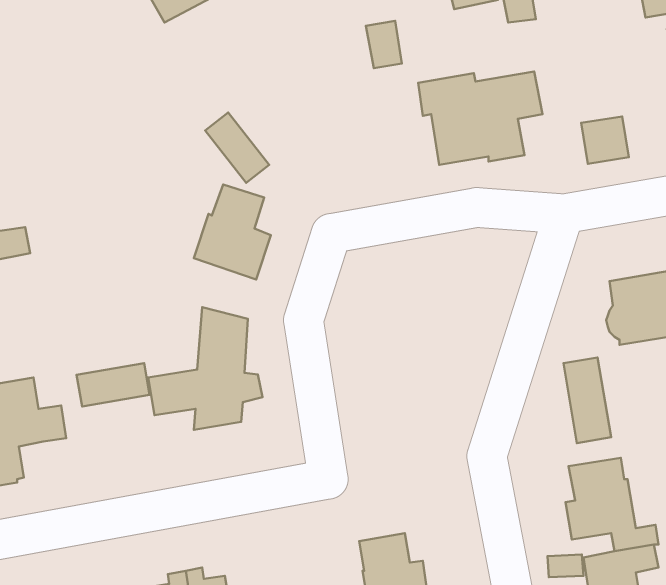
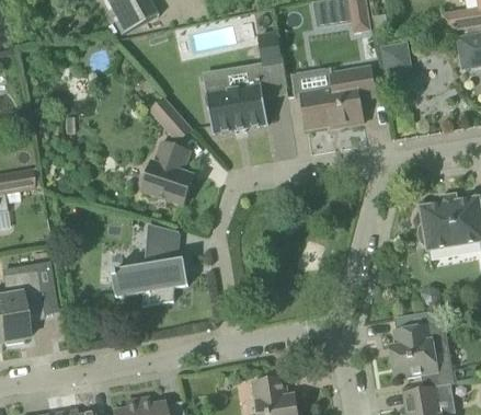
building: none -> [206,68,273,132]
building: [581,116,629,164] -> [380,41,412,72]
building: [563,358,611,443] -> none
building: [77,363,150,407] -> none

